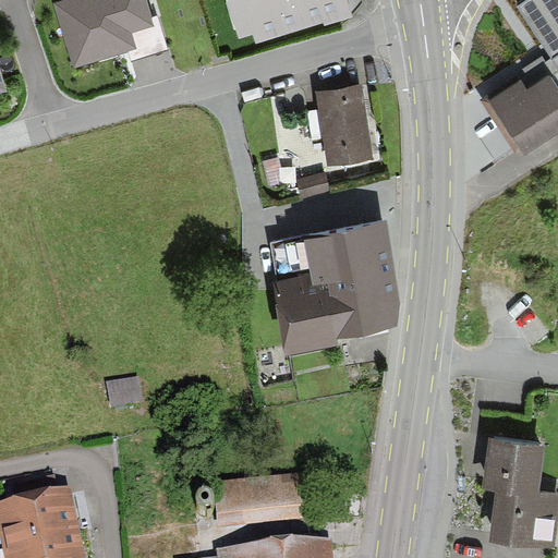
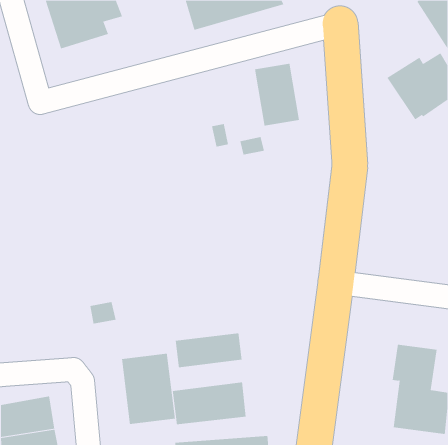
building: [269,216,400,349] -> none
building: none -> [175,332,242,368]
building: none -> [121,353,175,425]

